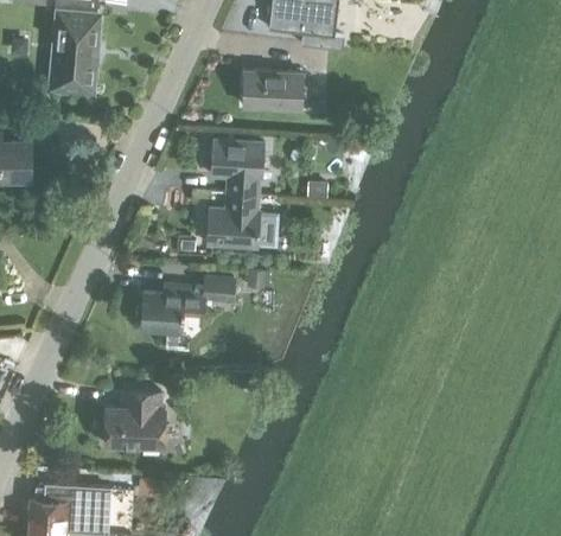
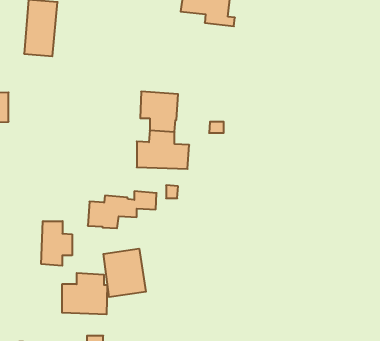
building: [242,70,305,109] -> none
building: none -> [41,221,72,266]
building: none -> [103,249,146,297]

